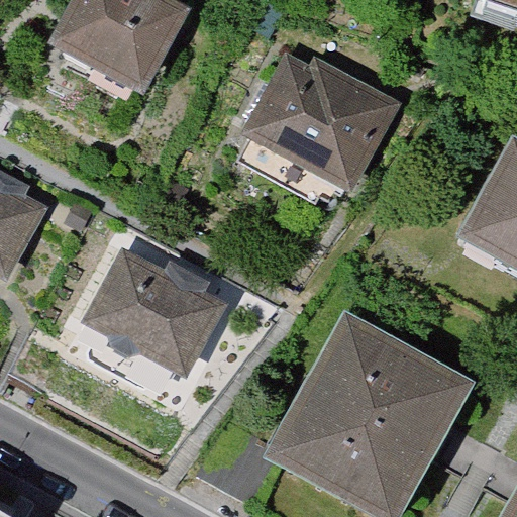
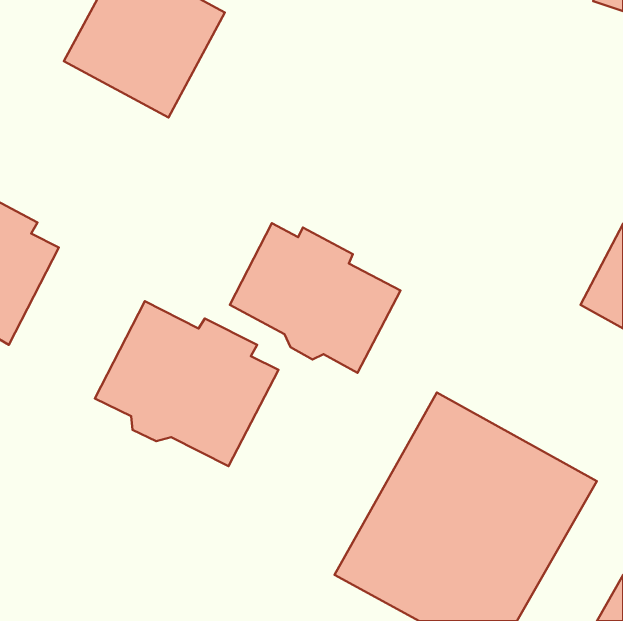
building: [241,47,400,189] -> none
building: none -> [230,223,401,373]

